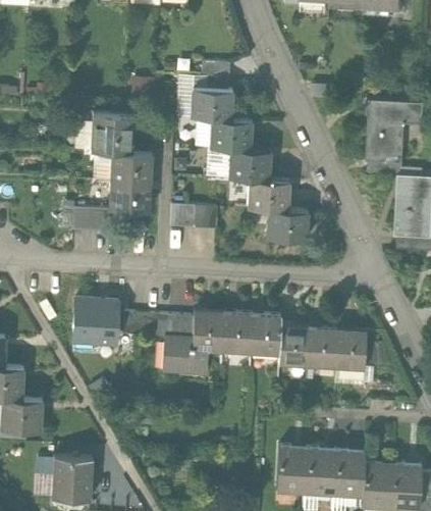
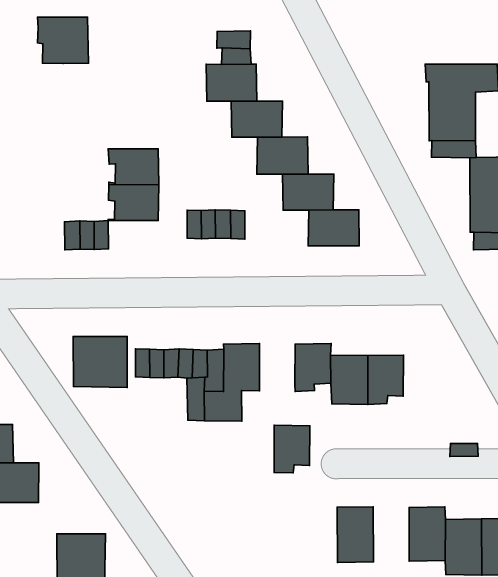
building: [92,114,132,153] -> [38,17,89,63]
building: [221,313,252,352] -> [274,425,310,473]
building: [335,328,366,381] -> none
building: [305,448,335,493] -> none

